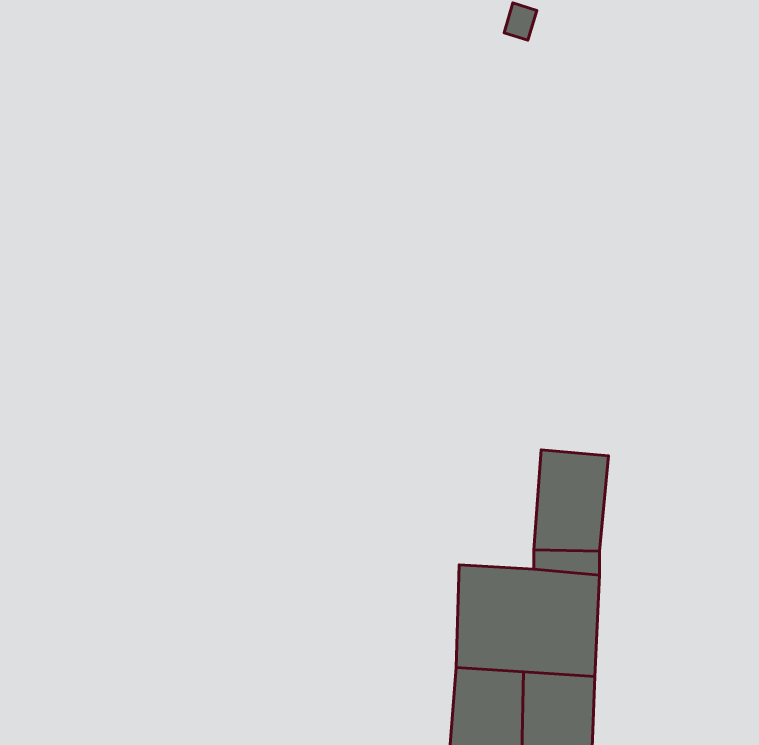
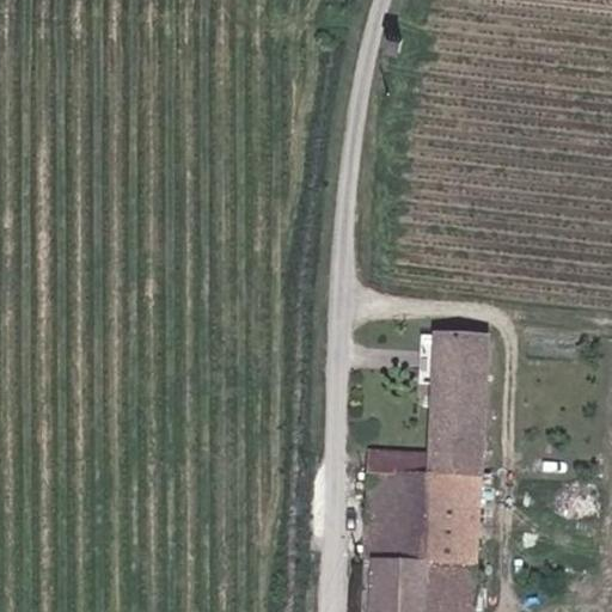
building: none -> [434,329,491,379]

